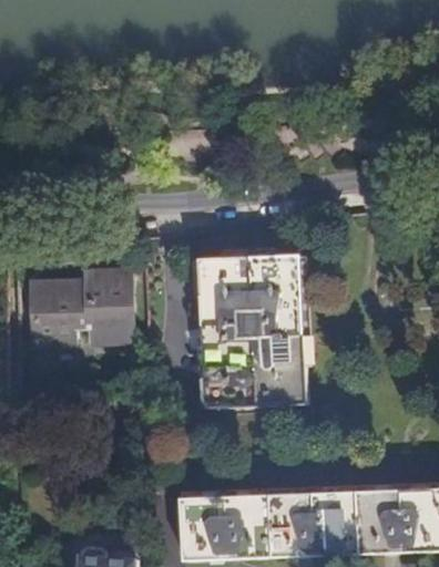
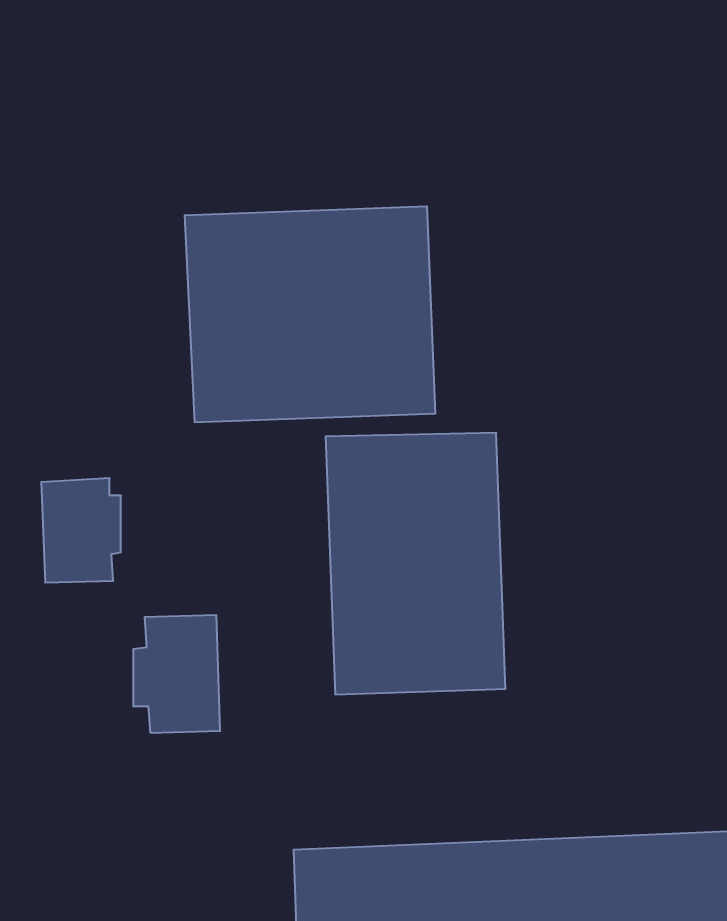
building: none -> [185,206,435,422]
building: [81,270,132,339] -> [133,615,220,733]

